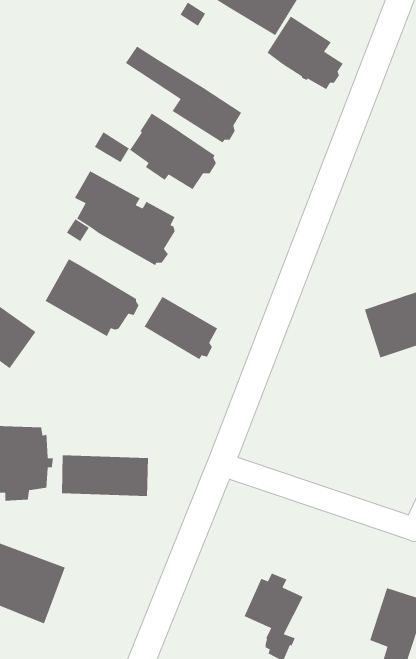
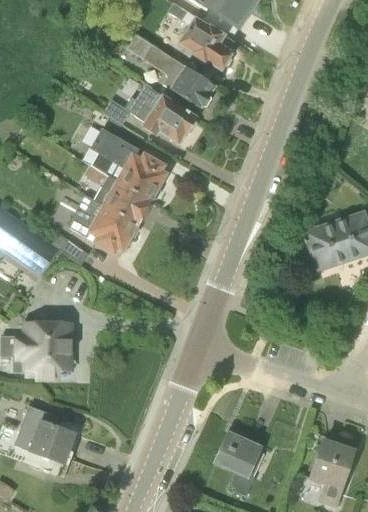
building: [266,15,344,90] -> [177,16,235,72]
building: [143,296,218,360] -> [94,176,150,224]
building: [61,454,149,497] -> none

